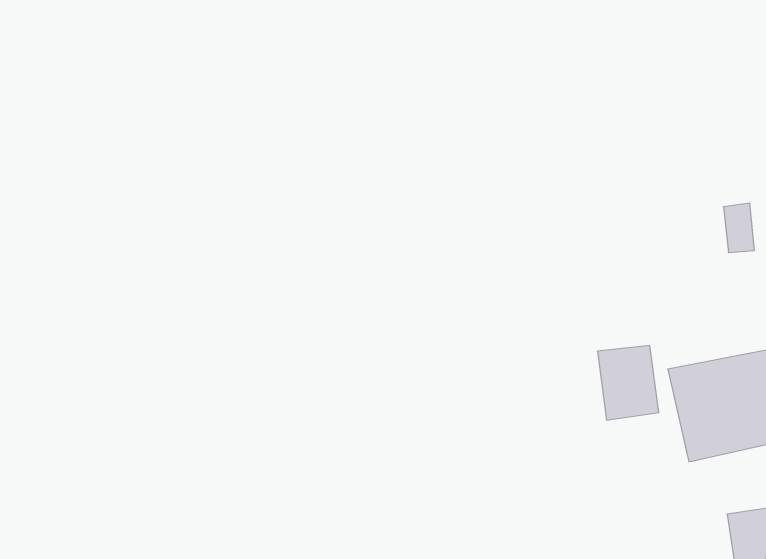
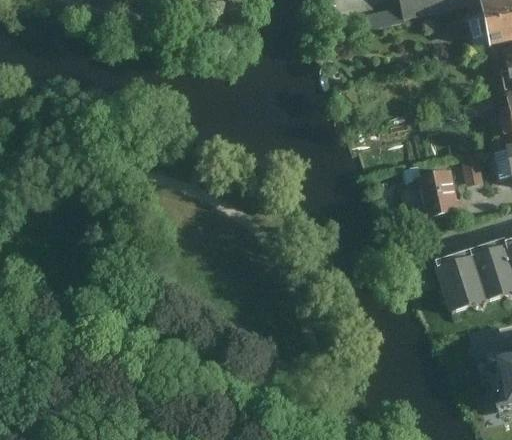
building: [597,345,659,420] -> [418,169,460,218]

